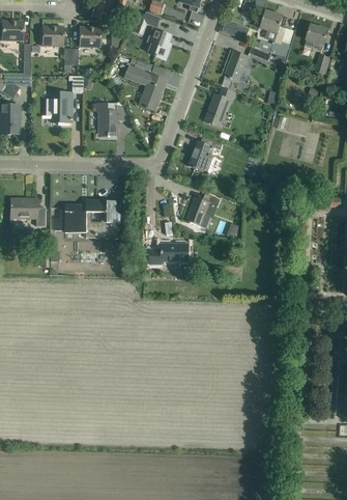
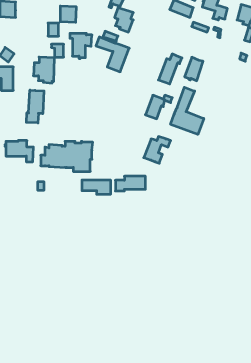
building: [41,26,62,46] -> none
building: [224,50,248,80] -> [185,57,203,81]
building: [95,104,123,136] -> [70,33,92,58]
building: none -> [171,87,204,134]
building: none -> [26,90,44,123]
building: none -> [82,180,110,194]

